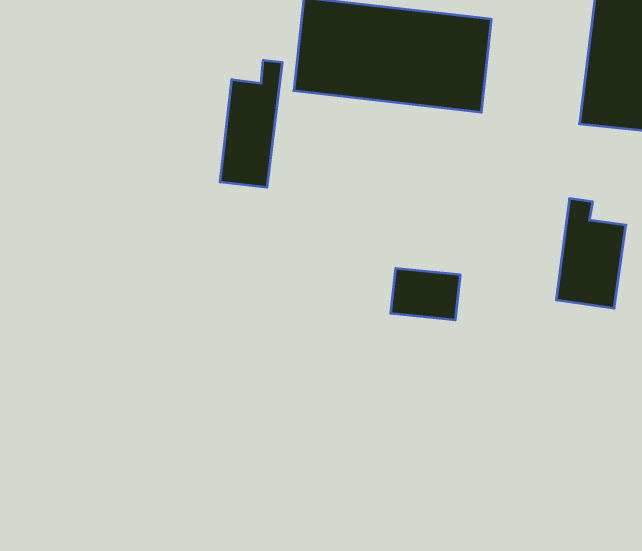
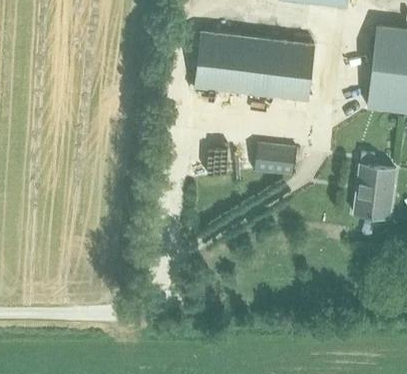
building: [220,60,282,187] -> none
building: [391,268,460,320] -> [254,143,296,174]

